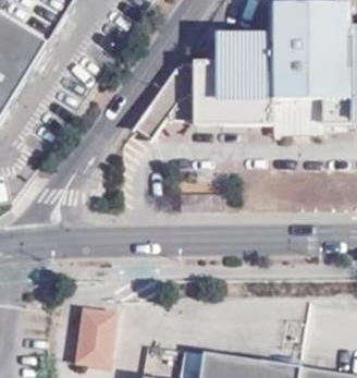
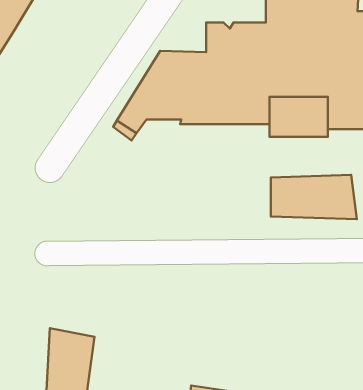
building: none -> [271,175,357,219]

